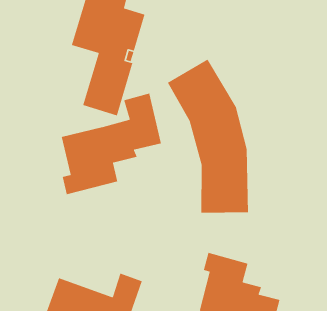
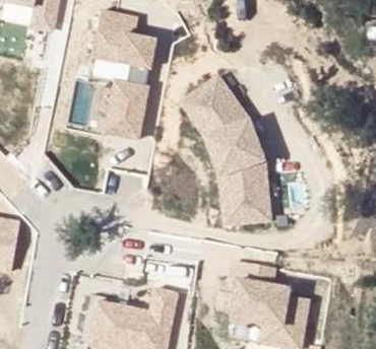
building: [61,92,162,195] -> none

